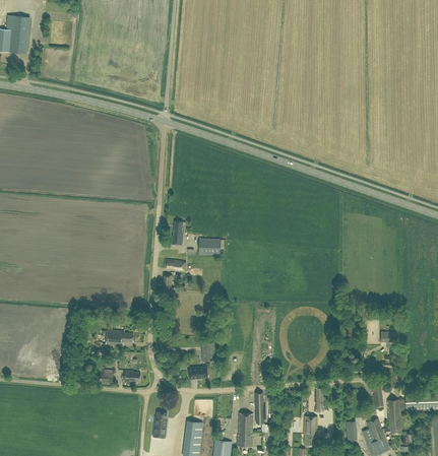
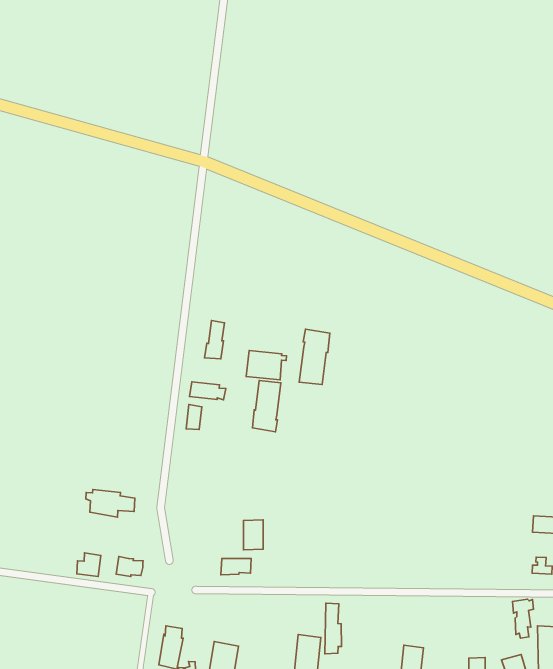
building: none -> [299,329,330,384]
building: none -> [252,380,281,432]

